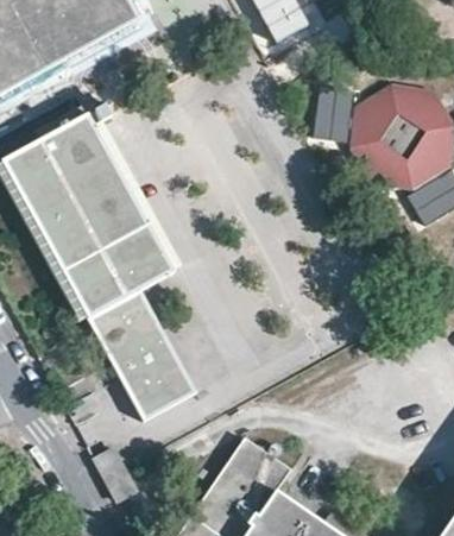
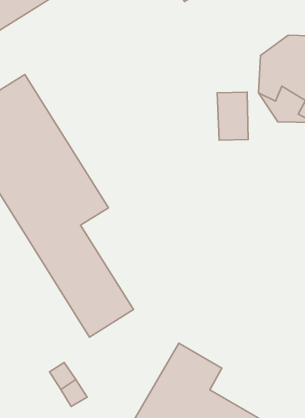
building: [317,88,353,144] -> [217,92,248,140]

